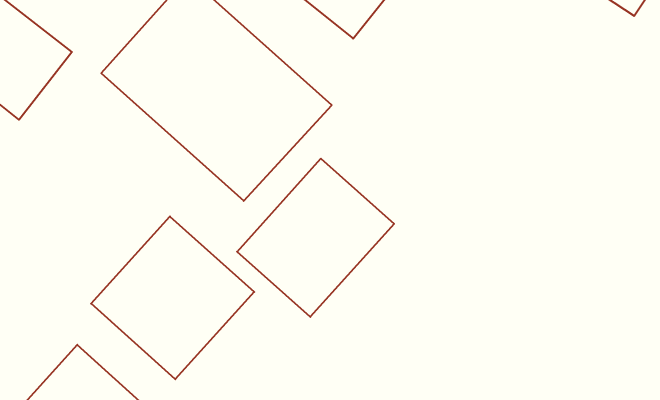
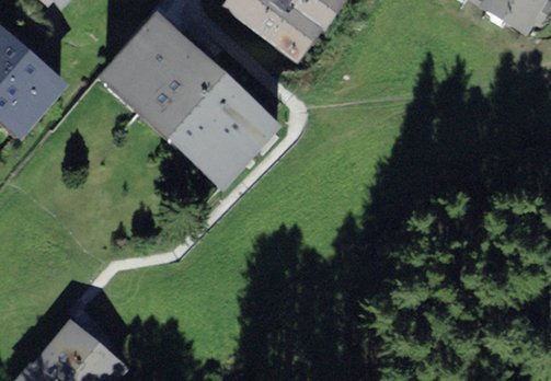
building: [237,159,394,317] -> none
building: [91,216,254,379] -> none

